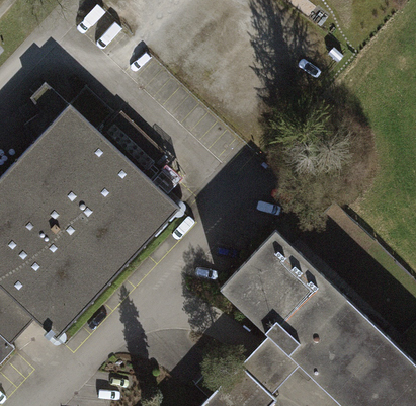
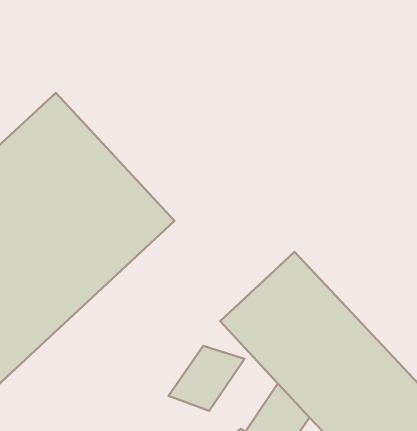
building: none -> [168,346,245,411]

